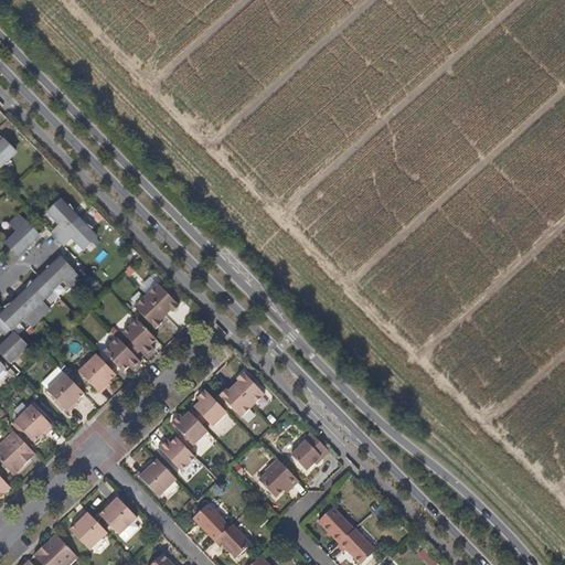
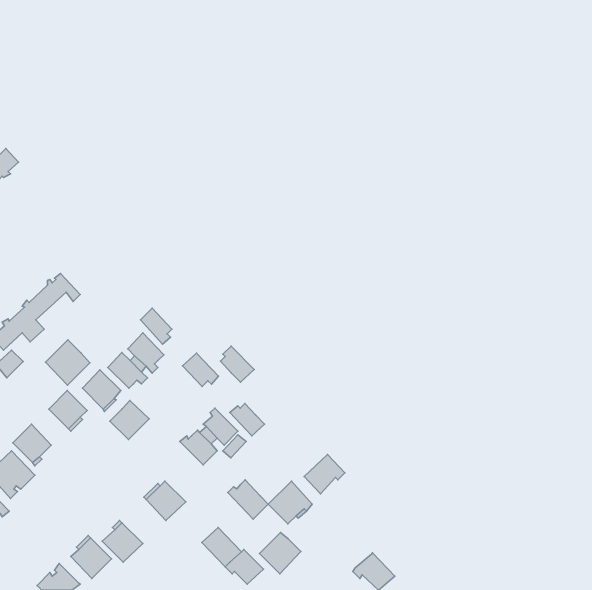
building: [49,200,93,247] -> none
building: [8,214,36,252] -> none
building: [145,281,179,313] -> [182,353,218,387]
building: none -> [46,340,90,385]
building: [233,370,265,404] -> [221,346,254,382]
building: none -> [110,400,149,440]
building: [157,433,195,470] -> [228,480,268,519]
building: [317,505,353,541] -> none
building: none -> [259,533,301,574]

